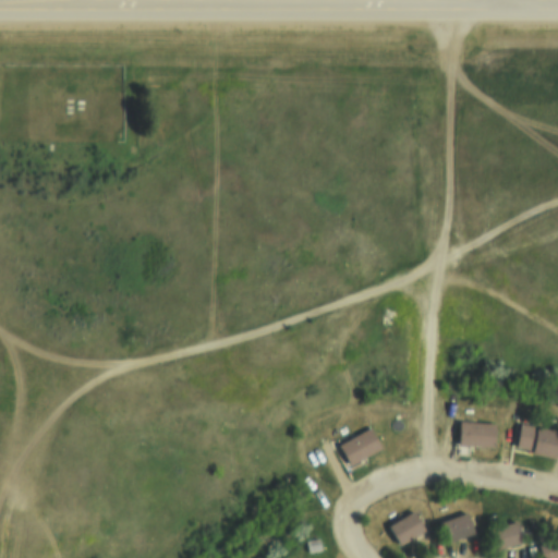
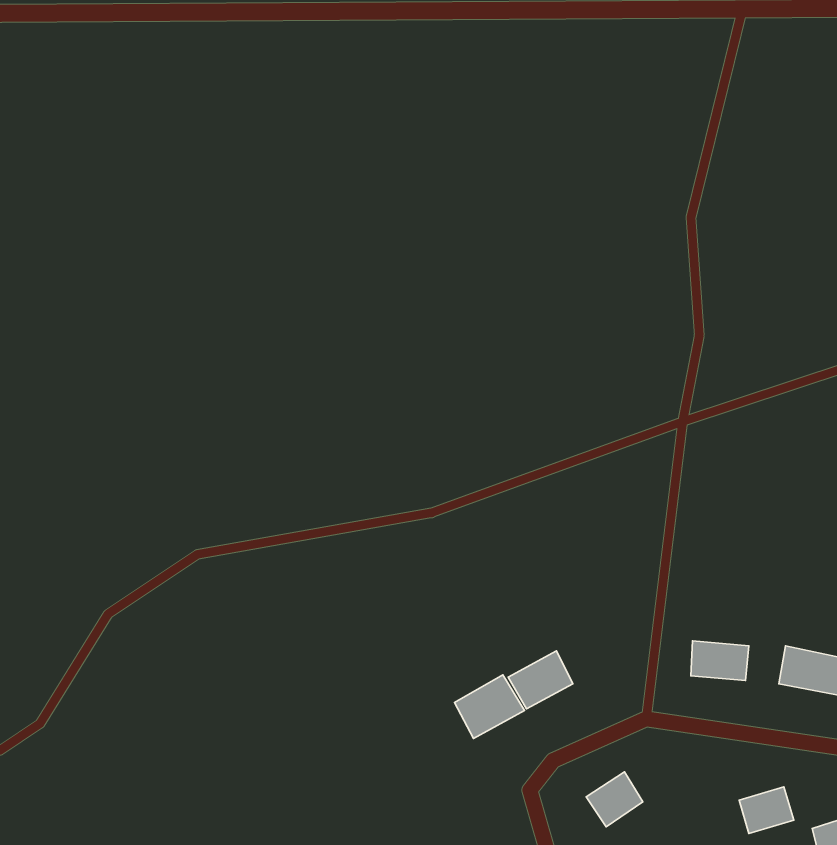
building: none -> [454,675,524,739]
building: [441,510,478,543] -> none

